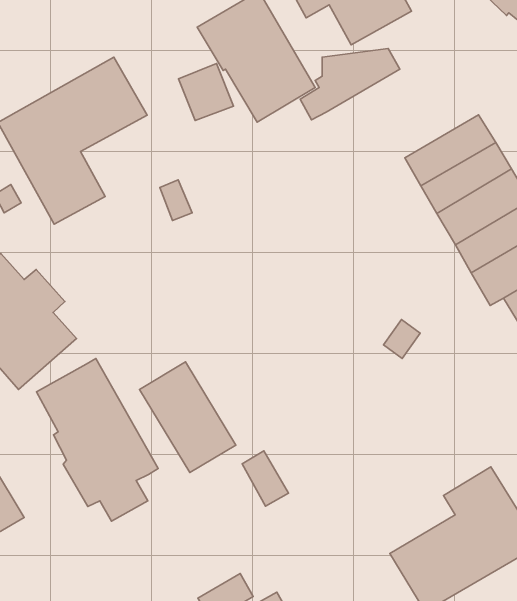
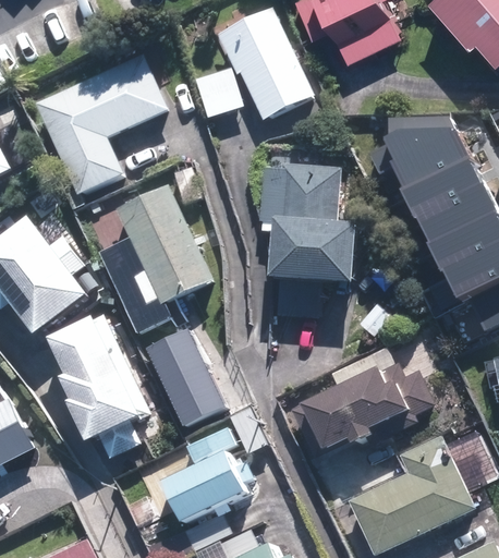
building: [300,48,400,120] -> [365,111,453,168]
building: none -> [259,163,360,318]
building: none -> [97,185,211,328]
building: none -> [283,359,433,454]
building: none -> [157,448,240,519]

